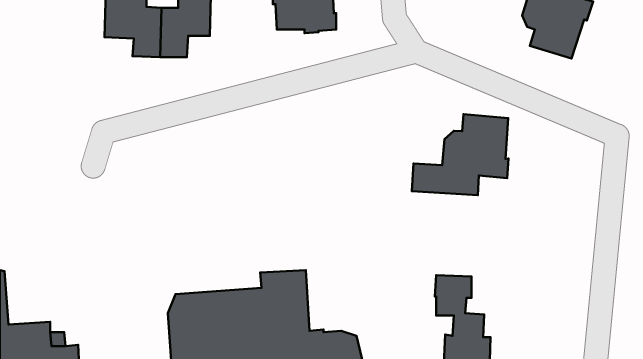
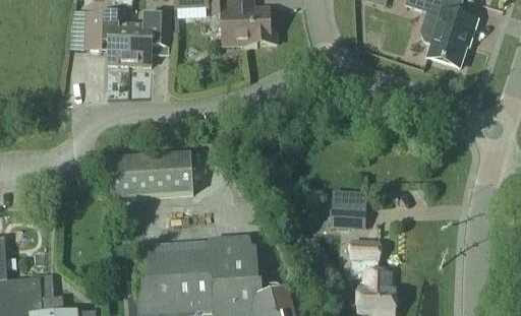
building: [412,114,508,195] -> none
building: none -> [109,157,192,200]
building: none -> [331,203,366,229]

